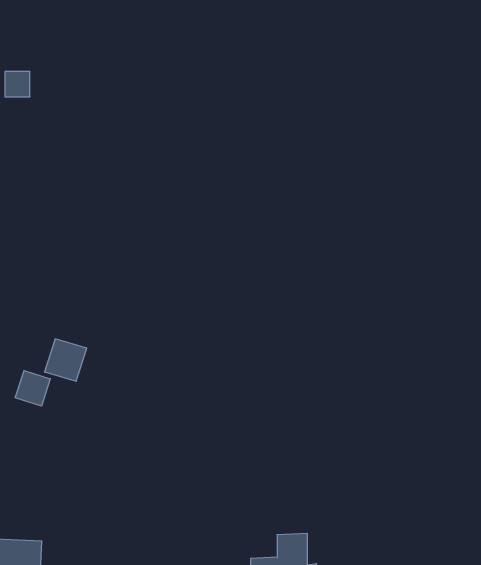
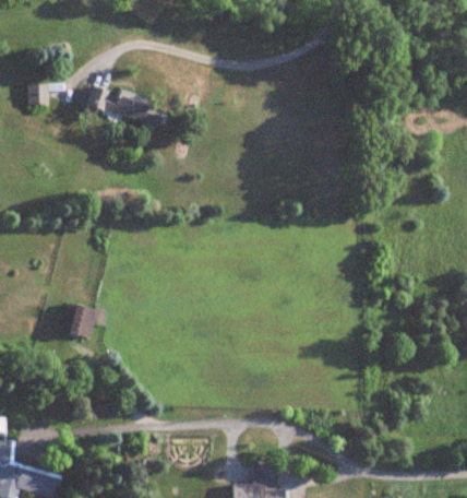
building: none -> [87,87,167,124]
building: [15,370,50,406] -> none

